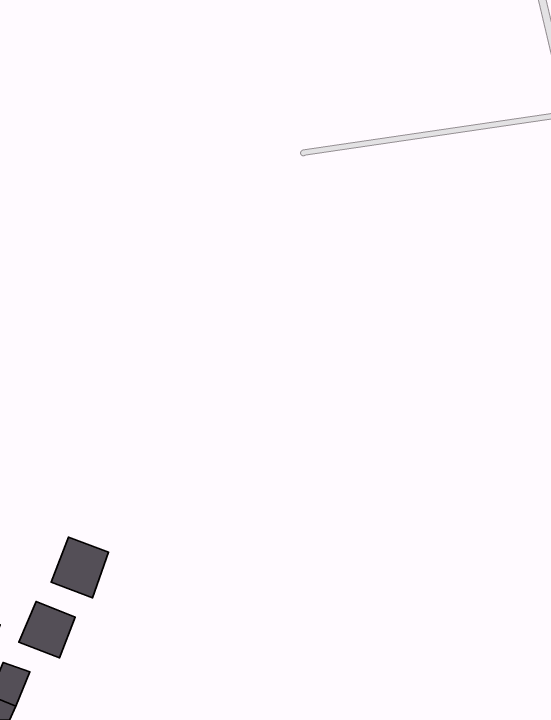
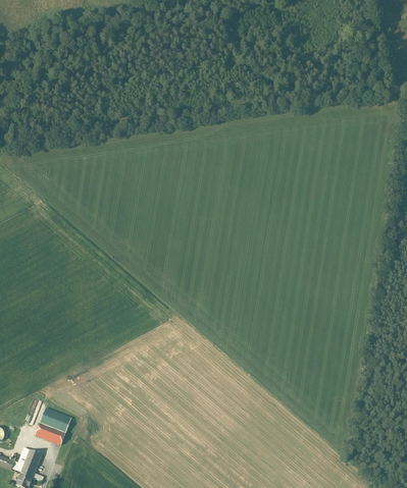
building: [51,537,108,598] -> none

